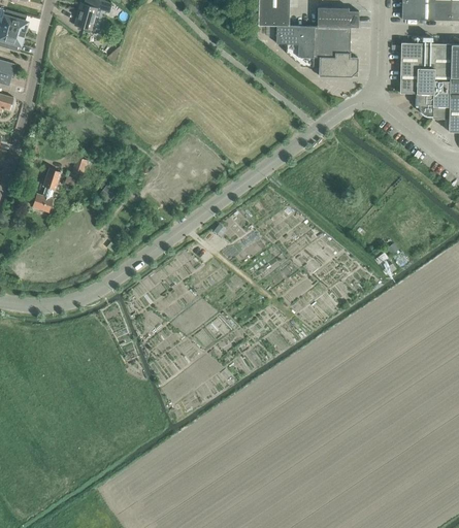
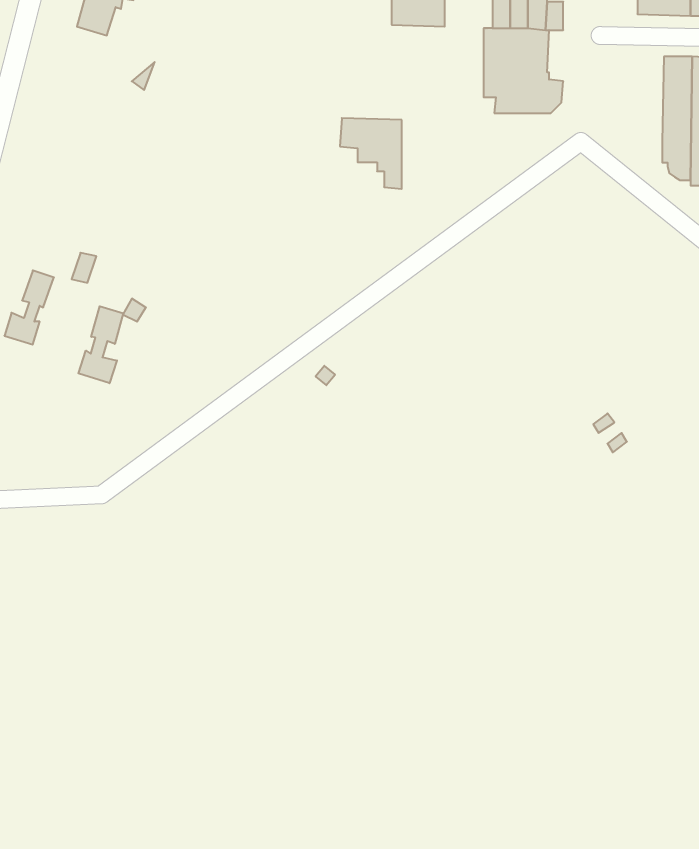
building: [275,26,312,67] -> [340,118,402,189]
building: [399,43,417,93] -> none
building: none -> [78,306,123,383]

